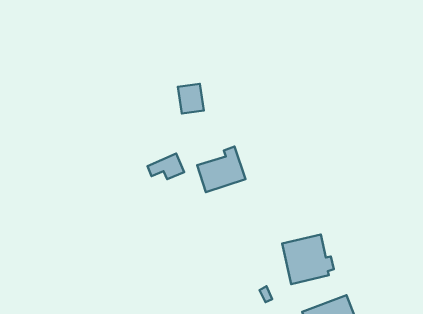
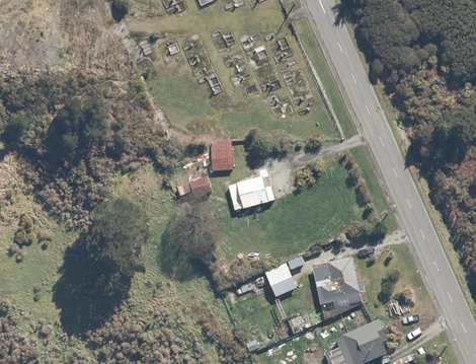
building: [178,84,204,114] -> [208,142,234,172]
building: none -> [264,263,296,297]

